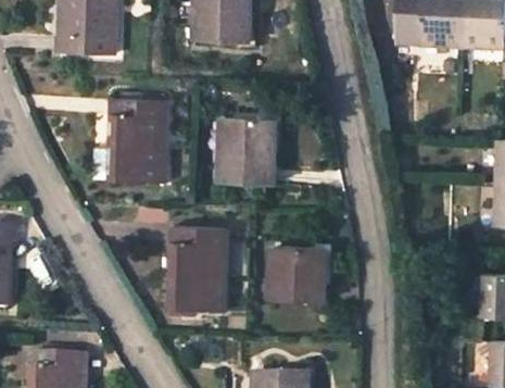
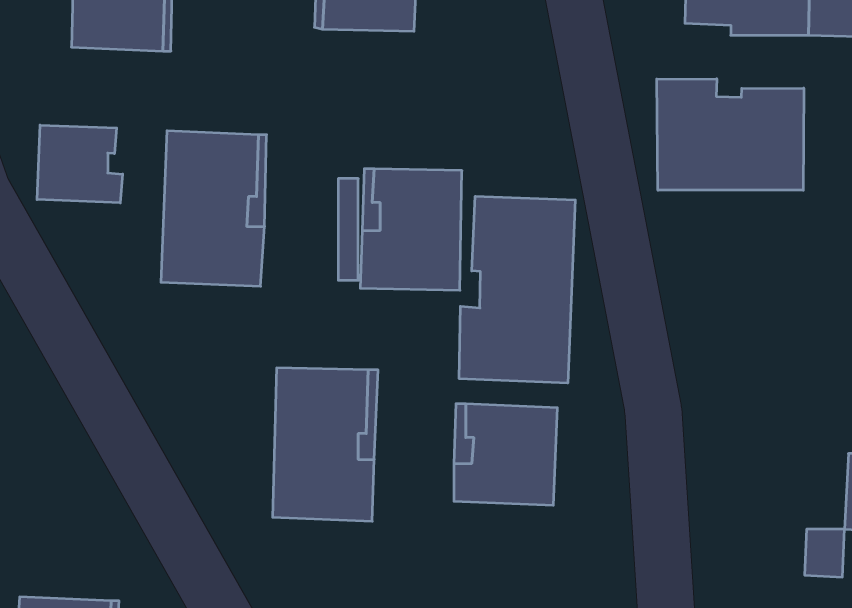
building: none -> [657,79,804,190]
building: none -> [37,125,123,203]
building: none -> [459,196,575,383]

